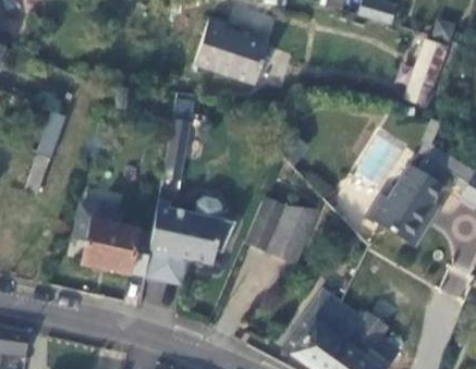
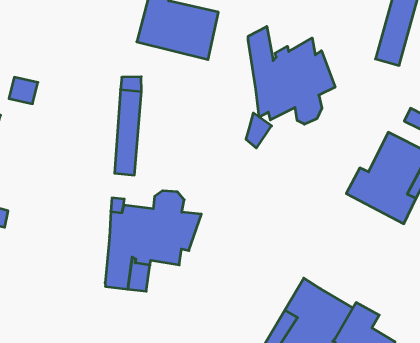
building: none -> [248,26,335,124]
building: [245,198,319,266] -> none
building: [71,205,152,275] -> none

